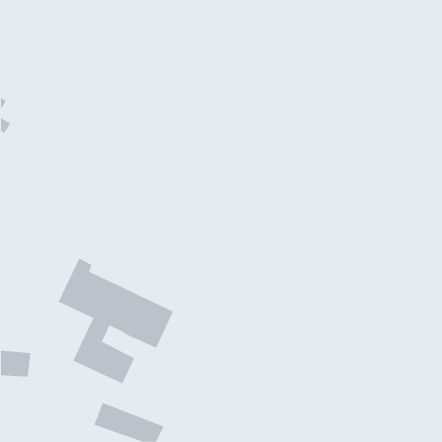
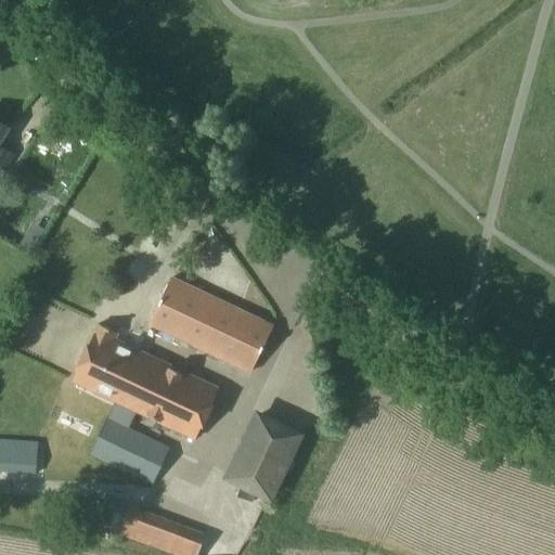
building: none -> [150,278,274,372]
building: none -> [231,416,297,493]

